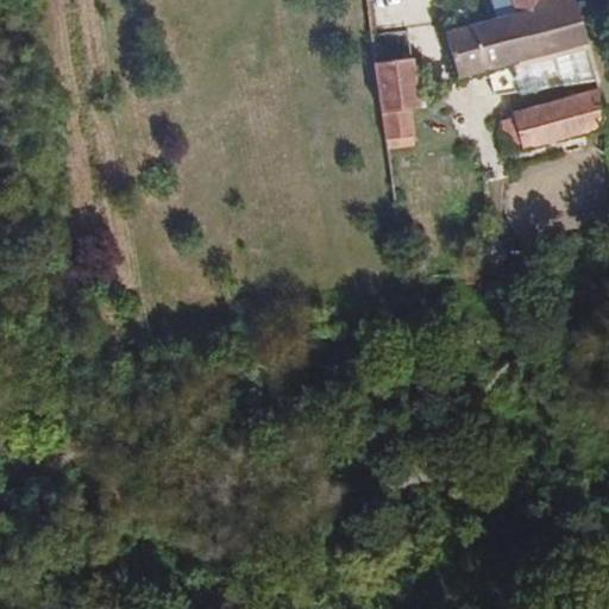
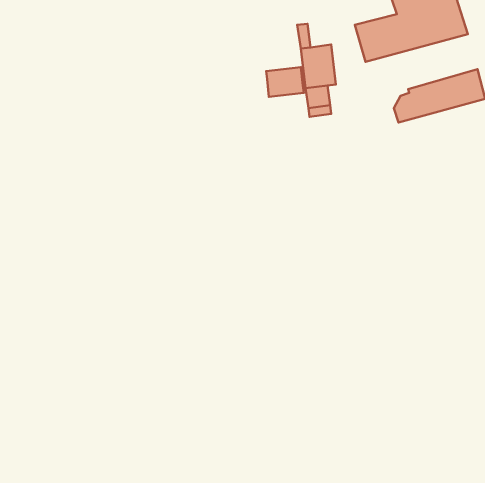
building: none -> [266,67,304,97]

